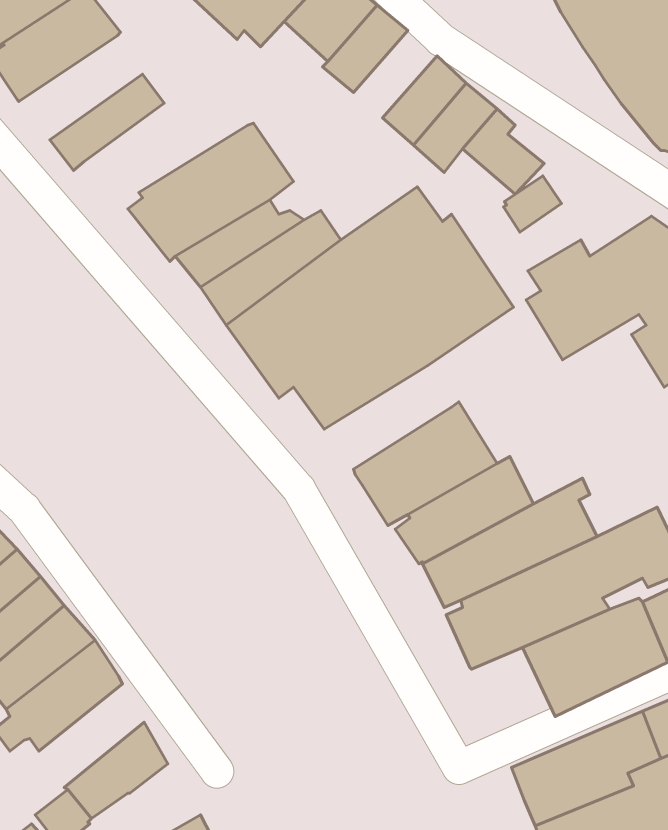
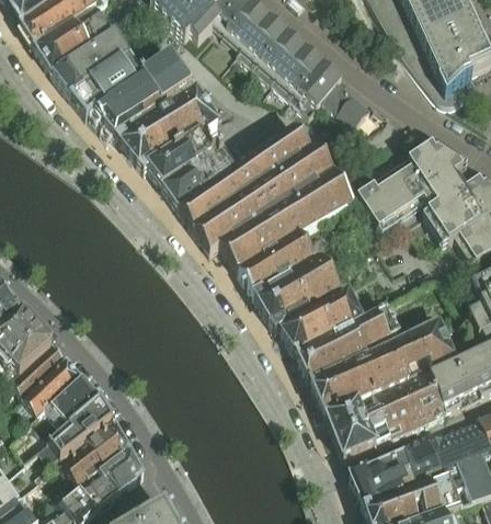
building: none -> [256,27,307,80]
building: none -> [55,31,129,93]
building: none -> [94,53,193,134]
building: [504,176,562,232] -> none
building: none -> [239,229,316,292]
building: none -> [328,399,378,455]
building: none -> [65,421,130,485]

